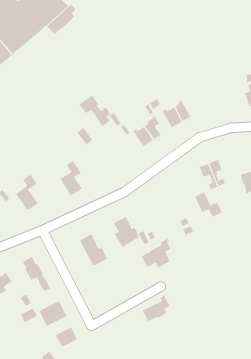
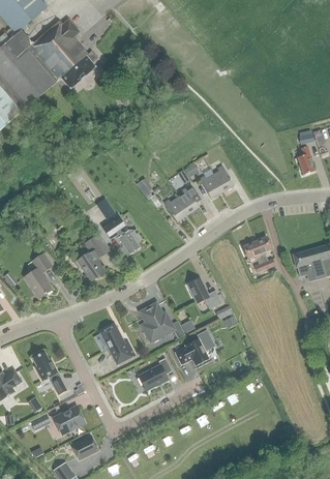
building: [79,95,111,127] -> [101,215,140,253]
building: [194,192,223,218] -> [187,277,221,308]
building: [142,295,171,322] -> [138,357,172,389]

